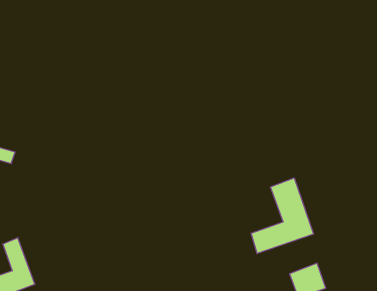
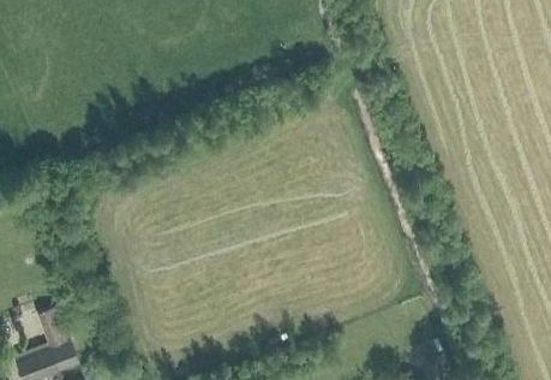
building: [251,178,313,254] -> none

